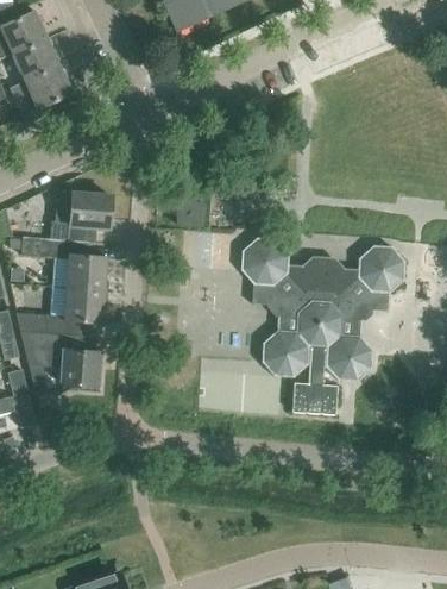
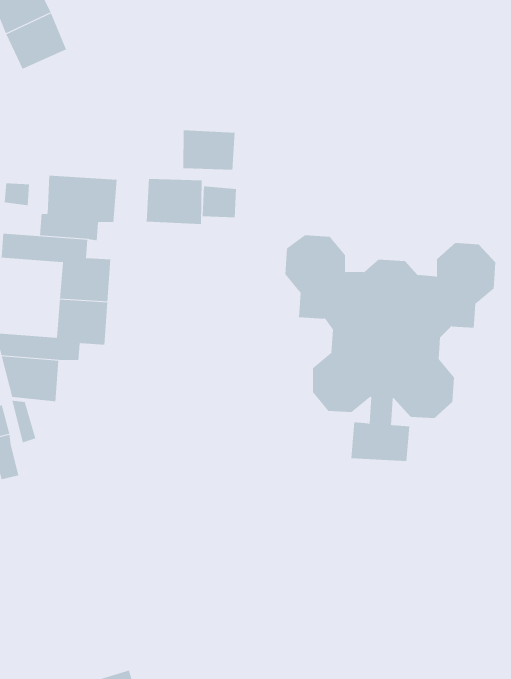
building: none -> [183,129,235,171]
building: none -> [146,178,202,225]
building: [61,336,96,387] -> none

